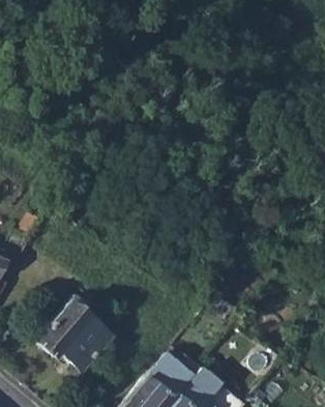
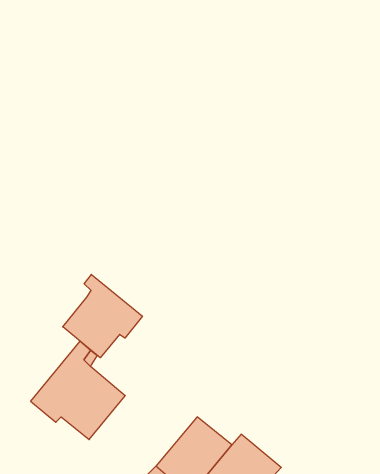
building: none -> [63,274,142,358]

